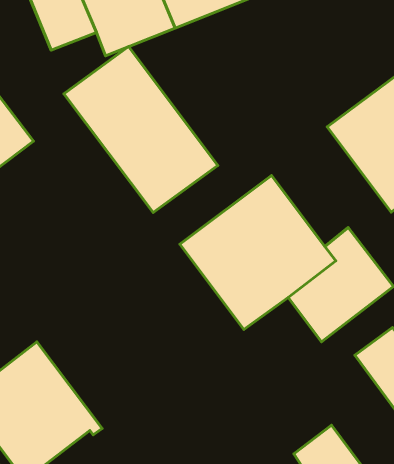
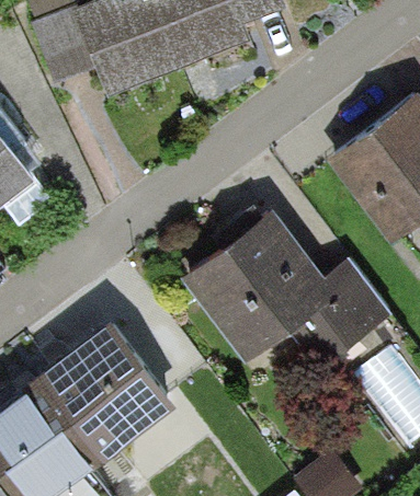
building: [64,47,218,213] -> none
building: none -> [41,318,178,458]

